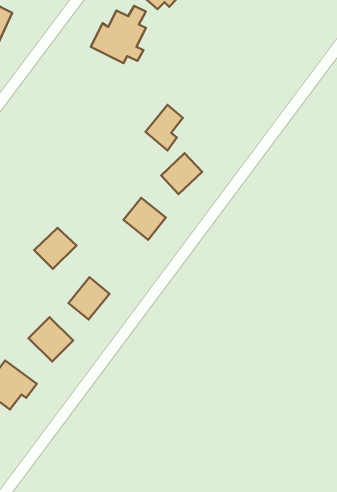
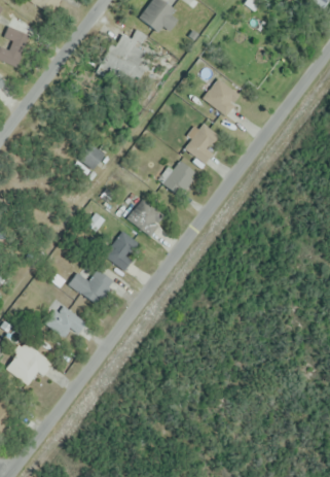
building: none -> [201,78,240,114]
building: [145,105,183,151] -> [184,124,217,164]
building: none -> [76,139,106,169]
building: [34,228,76,269] -> [105,233,142,269]

